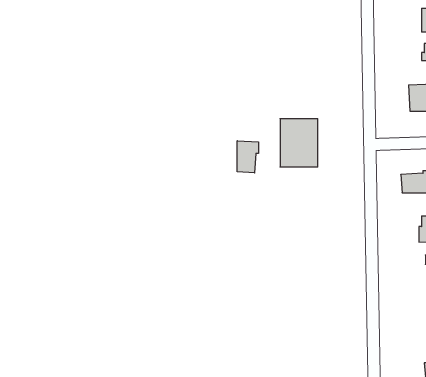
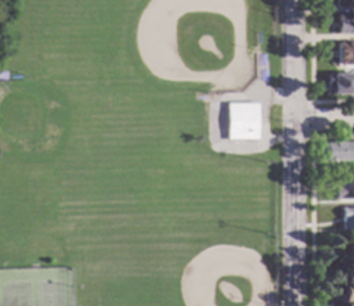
building: [237,141,258,173] -> none

